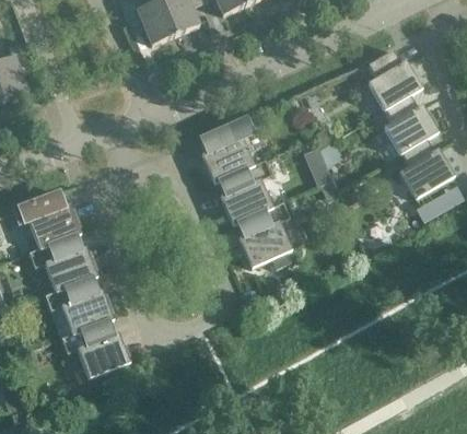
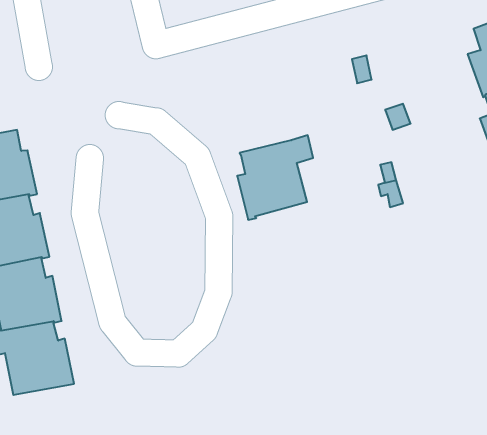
building: [199,116,255,181] -> none
building: [236,200,291,267] -> none

